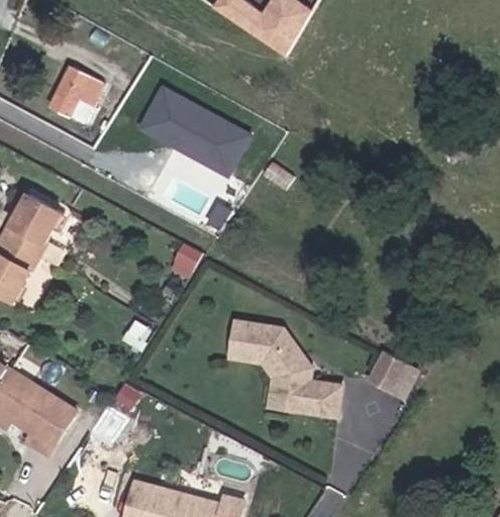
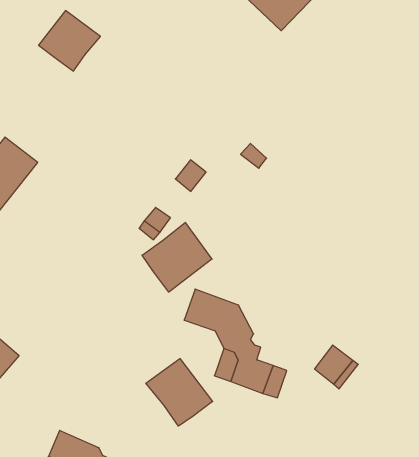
building: [137,82,251,173] -> none
building: none -> [142,222,212,292]
building: none -> [146,359,213,426]

